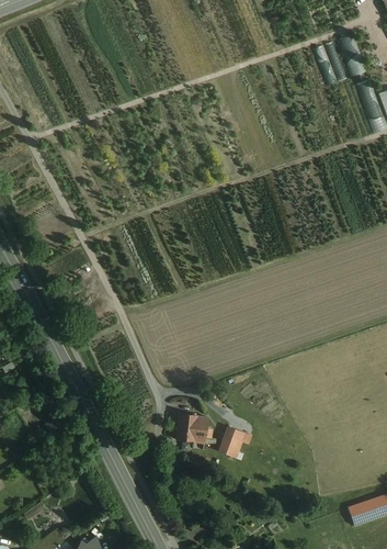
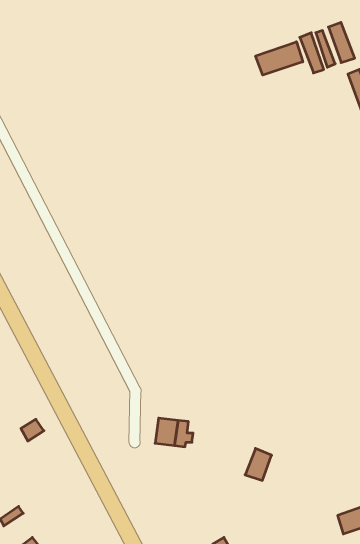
building: none -> [256,42,303,75]
building: [219,426,244,457] -> [245,448,272,480]

